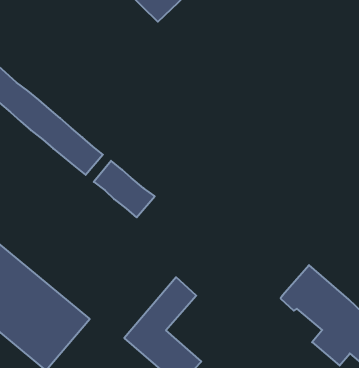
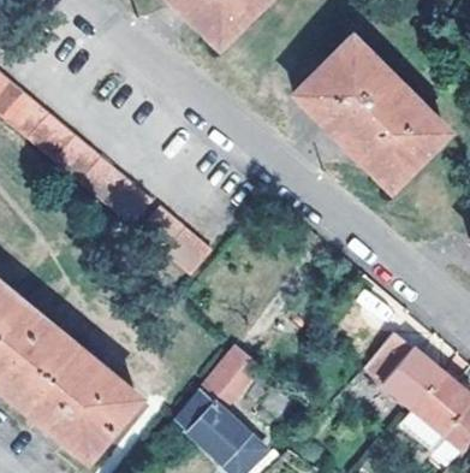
building: none -> [293,35,446,188]

